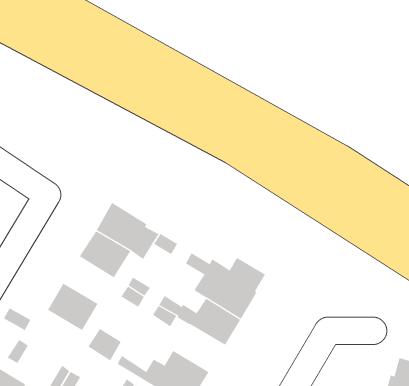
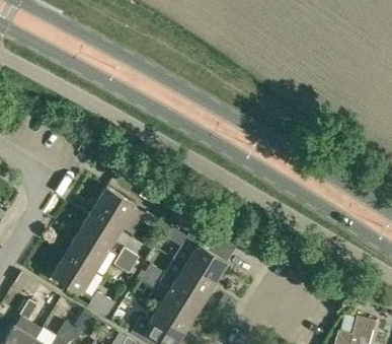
building: none -> [66,232,108,272]
building: none -> [157,289,201,329]

